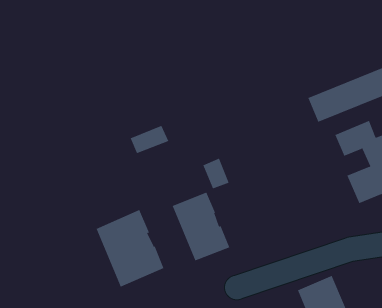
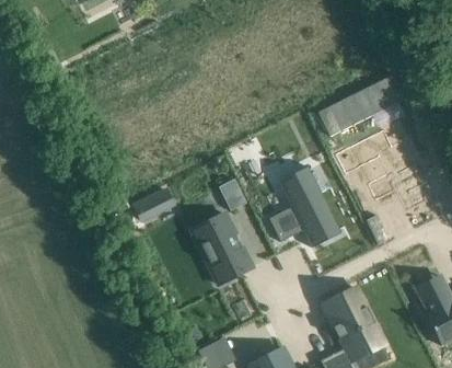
building: [130,125,169,154] -> [134,189,173,220]
building: none -> [268,168,340,249]
building: [96,209,164,287] -> none

